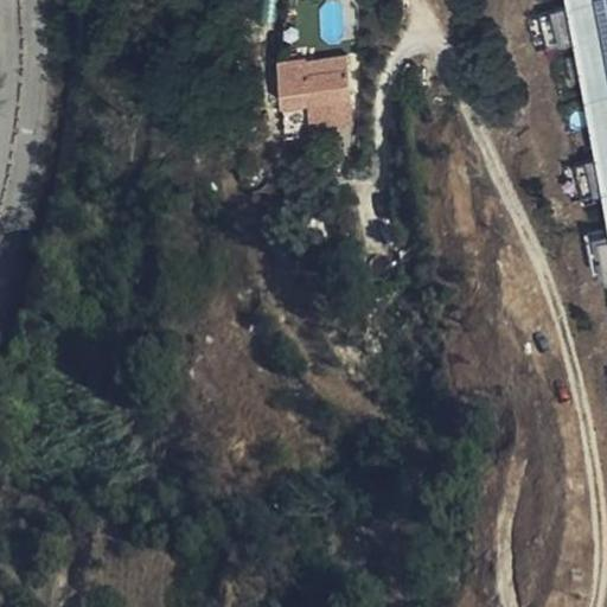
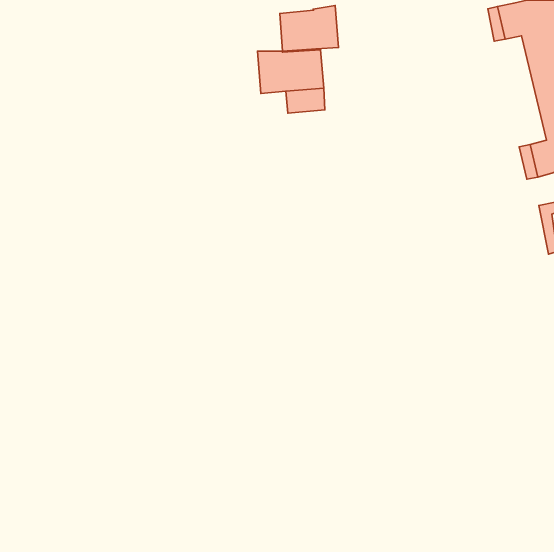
building: none -> [280,5,338,51]

